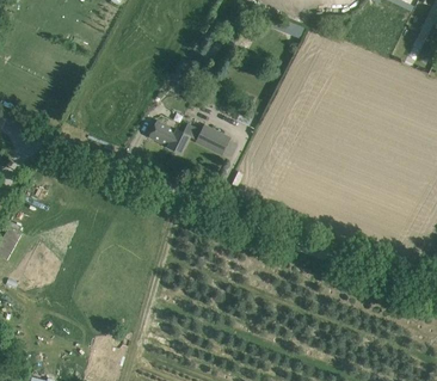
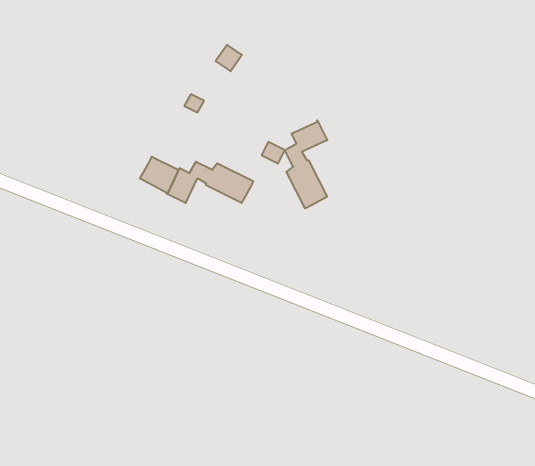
building: none -> [285,120,327,208]

